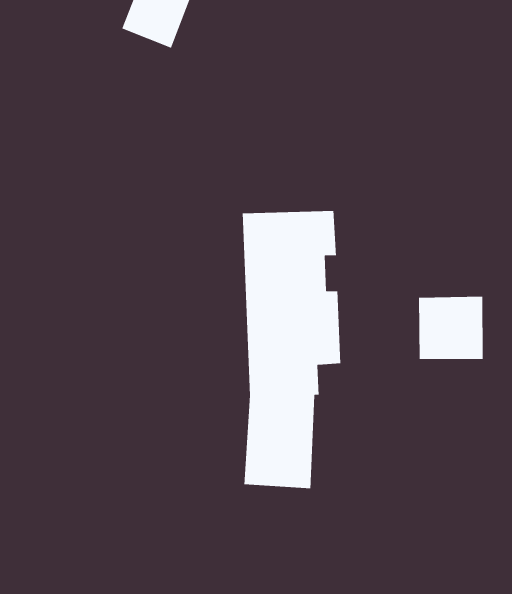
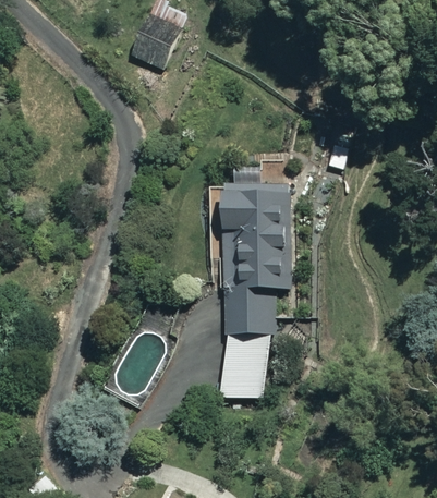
building: [418,296,484,360] -> none

